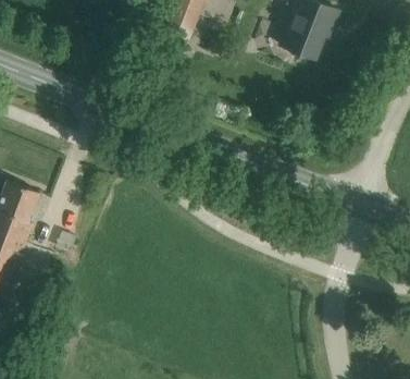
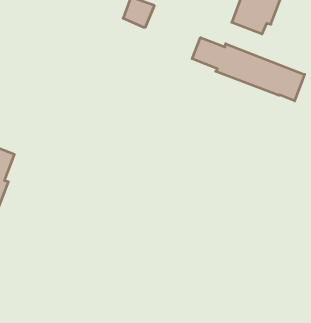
building: none -> [192,38,305,101]

